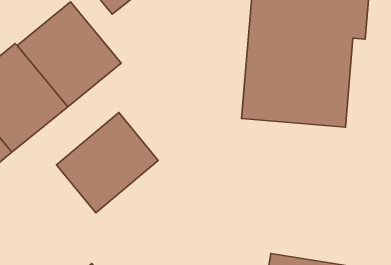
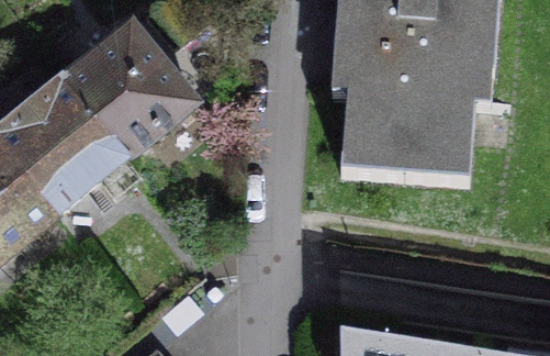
building: [56,113,158,213] -> none

